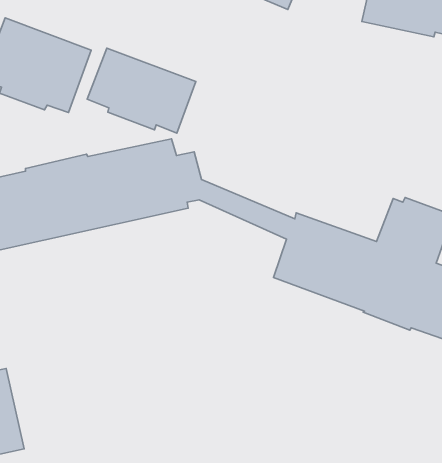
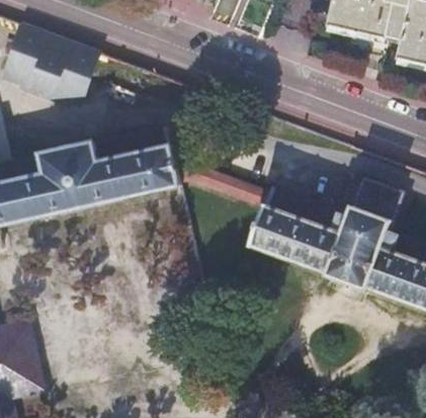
building: [87,48,196,133] -> none

